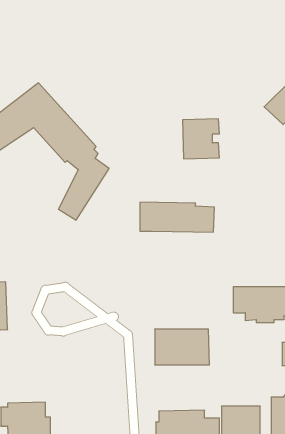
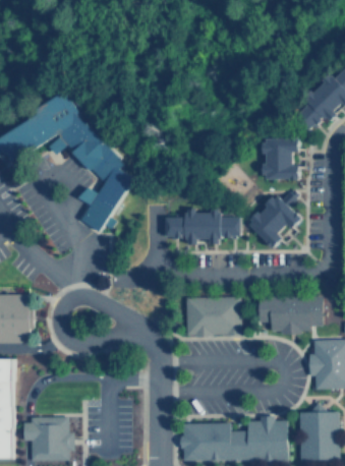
building: [183,119,219,159] -> [262,138,299,179]
building: none -> [249,192,303,248]
building: [155,329,209,365] -> [184,297,240,334]

